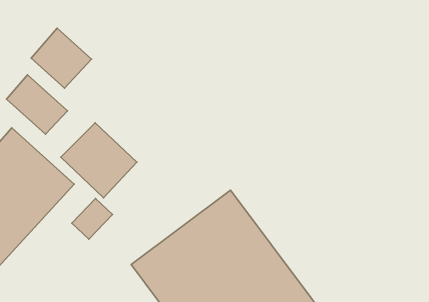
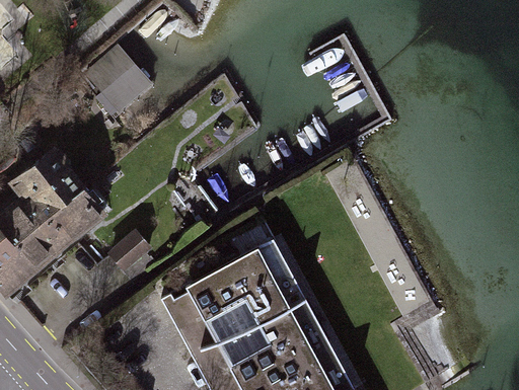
building: [7,75,68,134] -> none
building: [61,123,137,198] -> none

